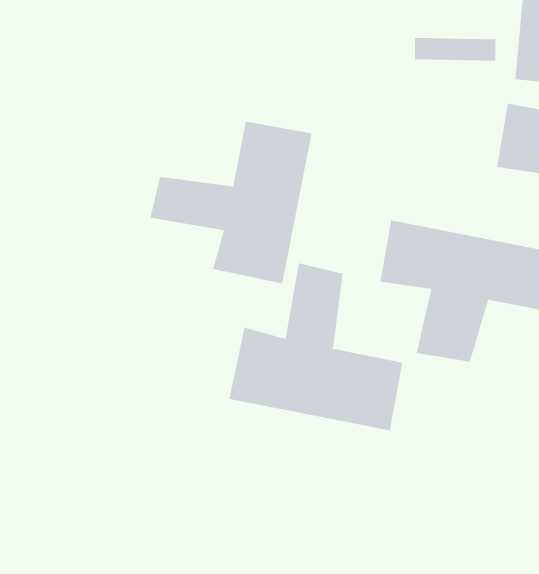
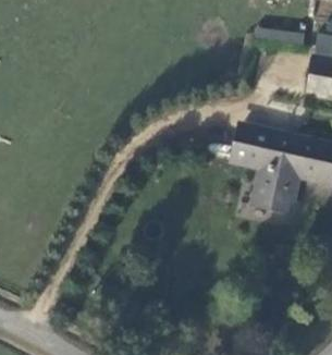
building: [150,121,312,284] -> none
building: [229,262,403,431] -> none

